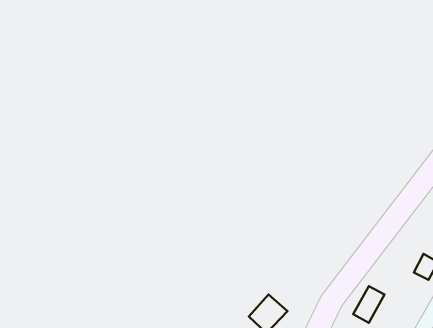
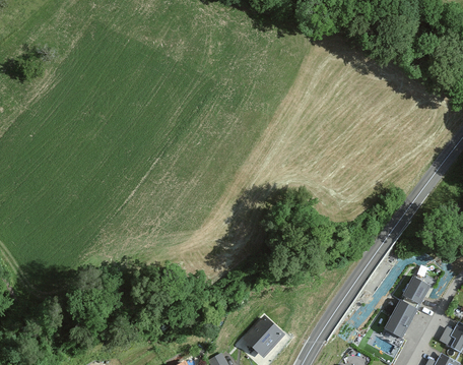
building: [353,286,385,323] -> [383,301,413,337]

